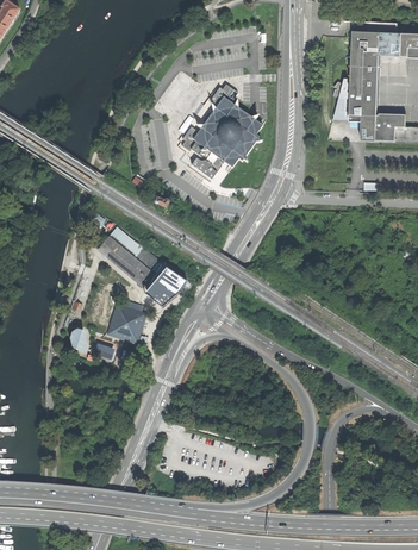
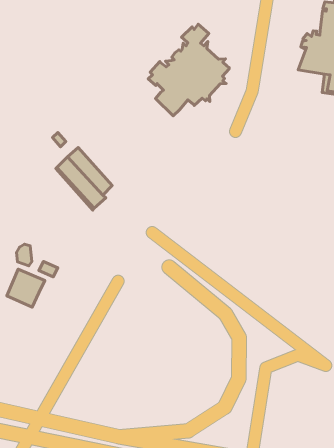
building: [145,267,187,307] -> none
building: [110,305,146,342] -> [7,269,45,307]

